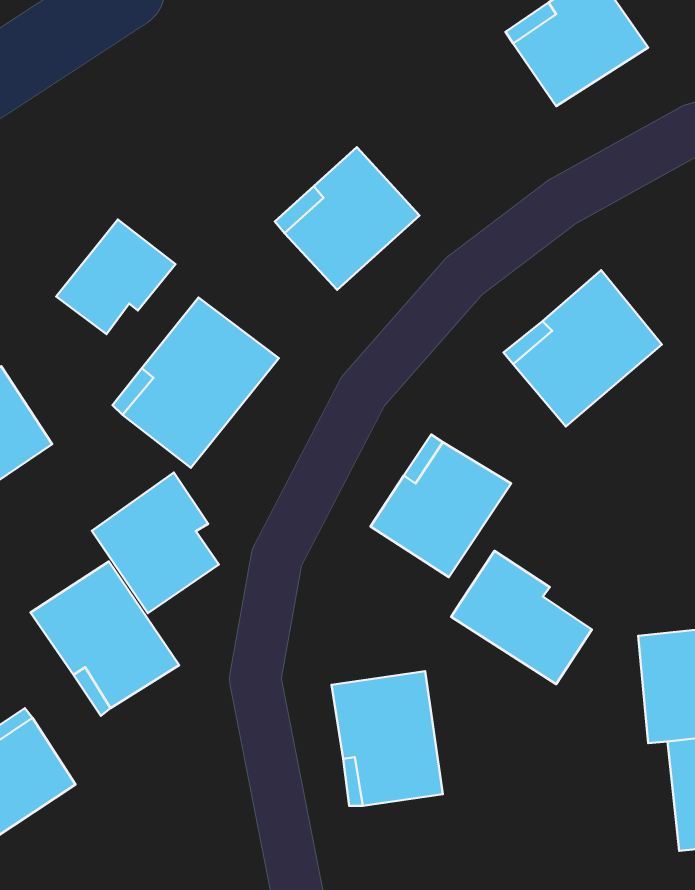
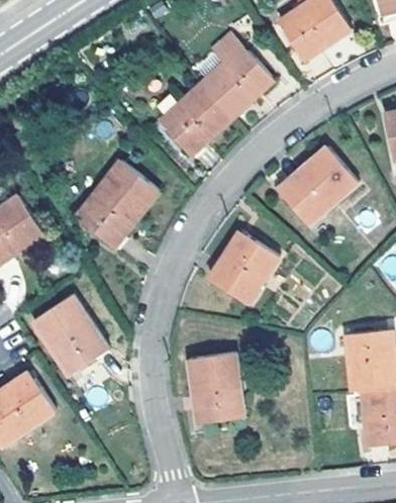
building: none -> [200,45,273,117]
building: [56,220,175,334] -> none
building: [92,473,219,613] -> none
building: [451,551,592,684] -> none

